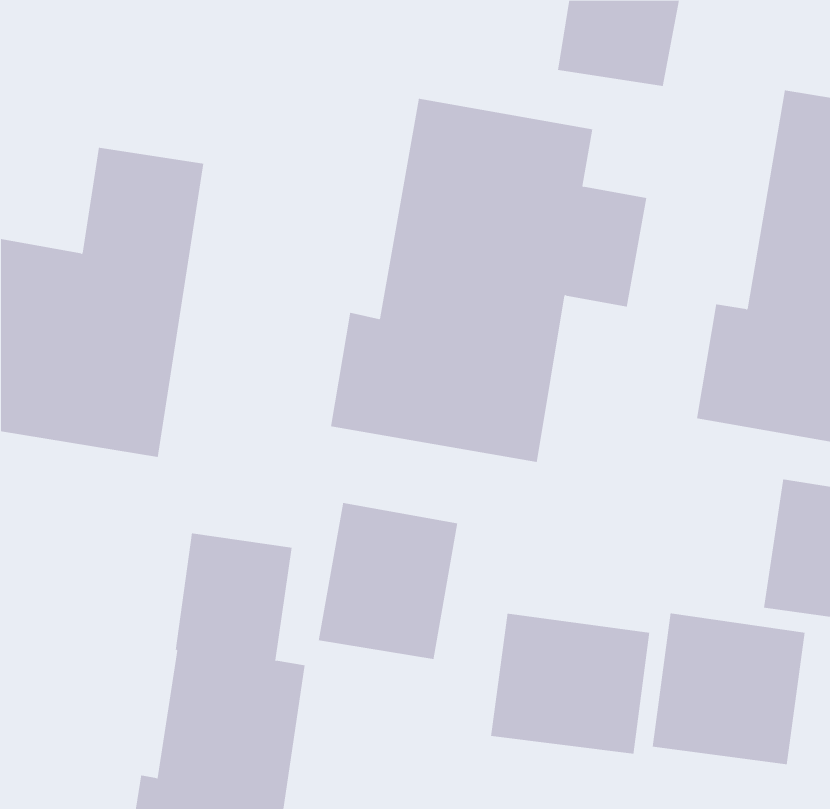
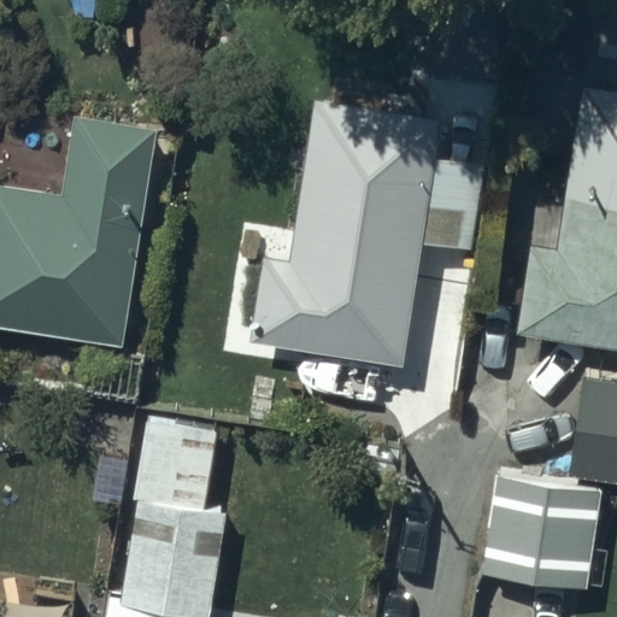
building: [318,502,458,660] -> none
building: [491,613,650,754] -> none

